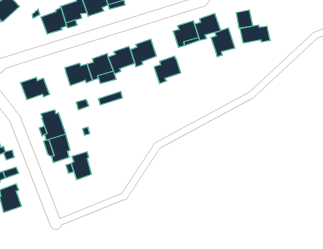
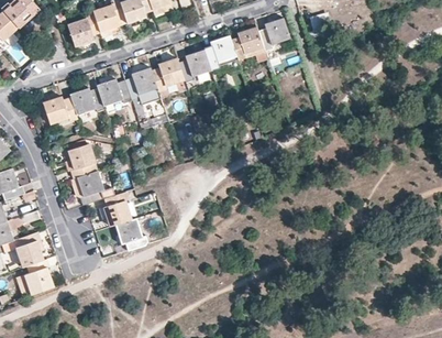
building: [240,25,270,43] -> none
building: [211,28,235,57] -> none
building: [154,56,181,84] -> [203,36,236,70]
building: none -> [69,89,104,117]
building: none -> [115,217,147,249]
building: none -> [24,257,52,293]

